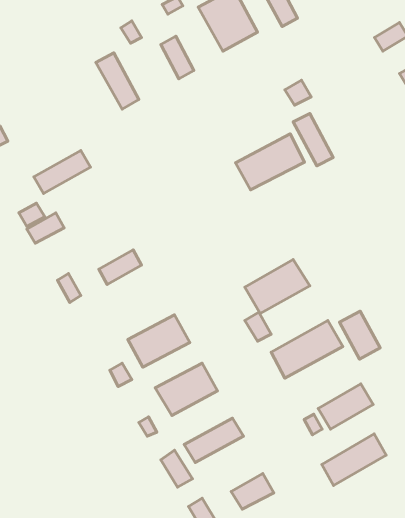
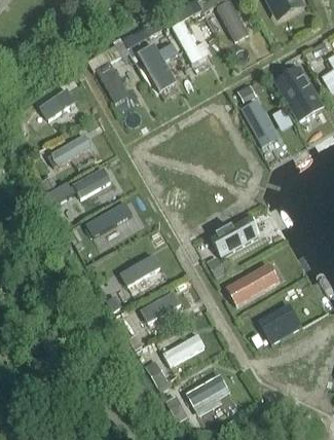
building: none -> [279,69,320,115]
building: none -> [36,88,74,119]
building: [236,134,304,190] -> none
building: none -> [73,168,115,203]
building: [339,311,380,359] -> none
building: [322,434,386,486] -> none

